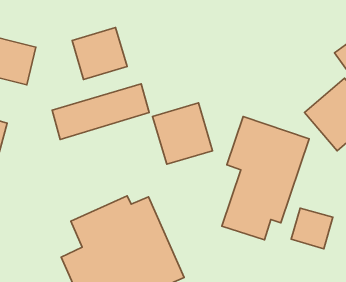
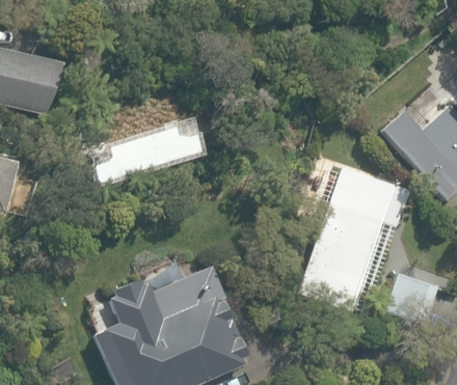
building: [72,27,127,80] -> none
building: [153,103,213,164] -> none

